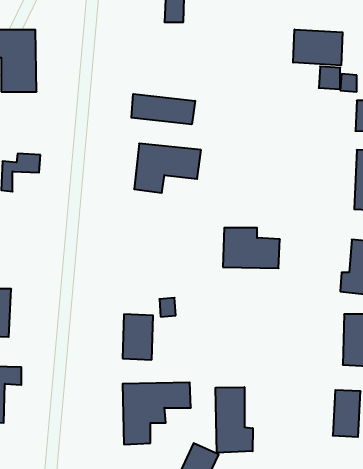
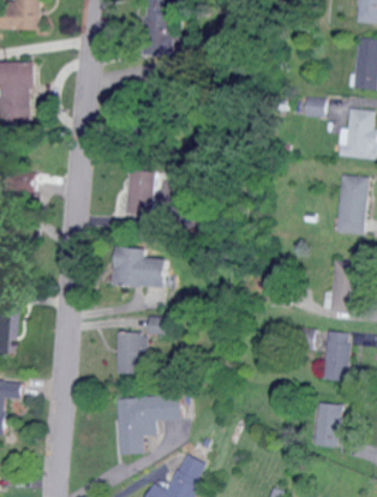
building: [293,29,343,65] -> none
building: [131,94,195,124] -> none
building: [223,228,280,268] -> [114,247,168,286]
building: [216,387,253,453] -> none

